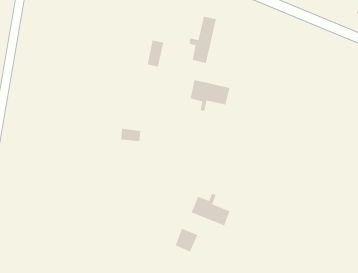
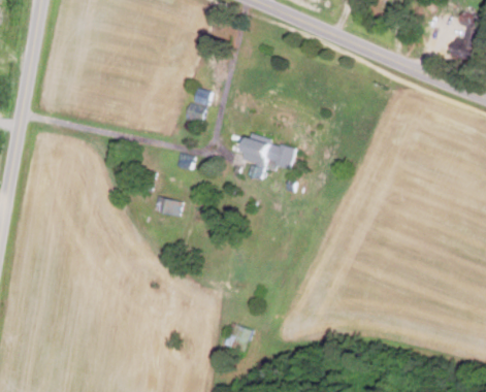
building: [189,16,217,64] -> none
building: [191,193,230,226] -> none

